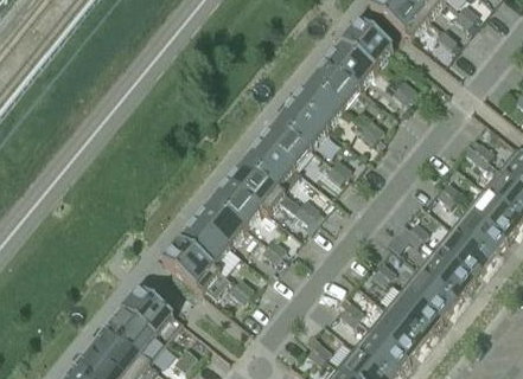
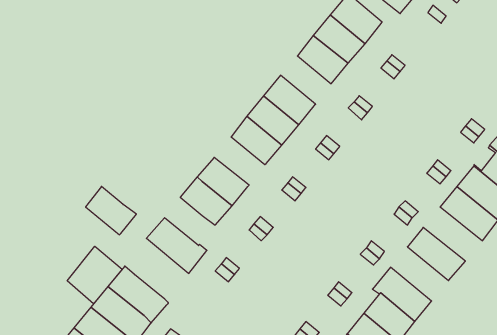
building: [293,76,343,123] -> none
building: [228,155,286,210] -> none
building: [179,214,229,262] -> [86,186,136,235]
building: [433,224,491,277] -> none
building: none -> [67,246,122,304]
building: [401,263,458,316] -> none

